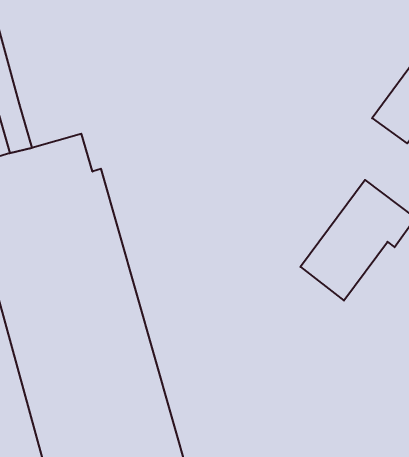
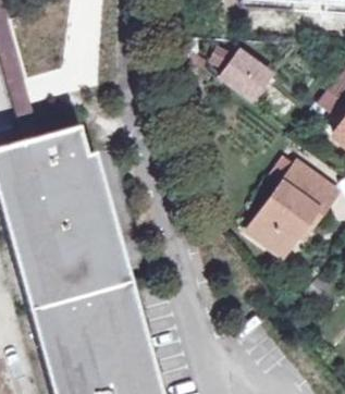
building: none -> [217,49,275,106]

